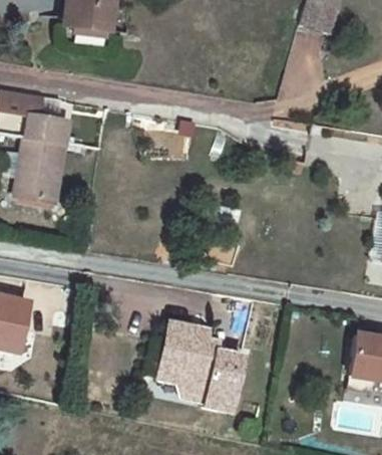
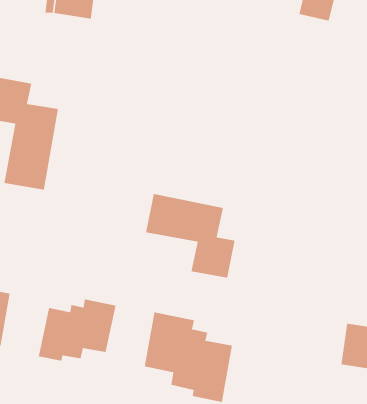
building: none -> [145,193,236,279]
building: none -> [38,299,117,362]

